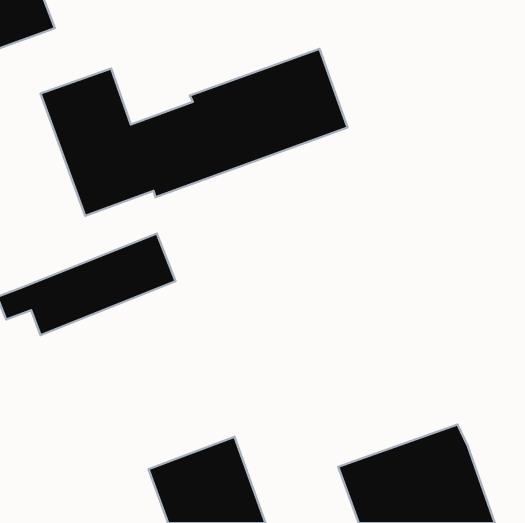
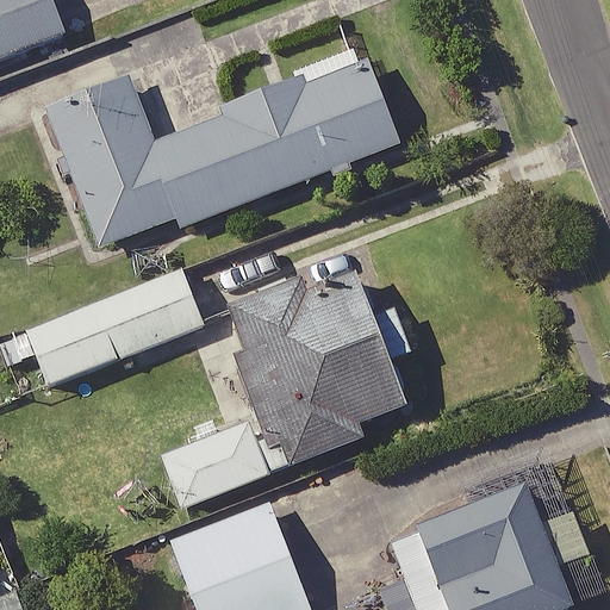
building: none -> [160,272,404,511]

